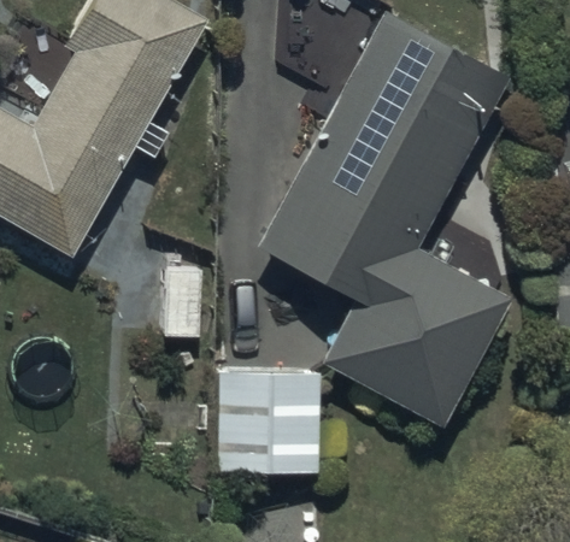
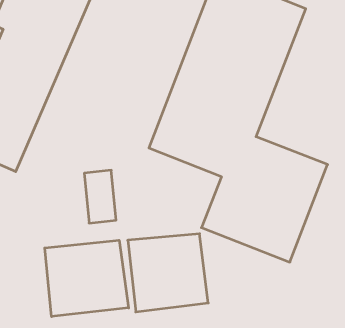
building: none -> [45,240,129,317]

